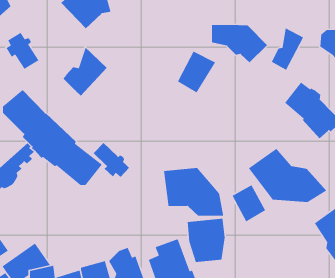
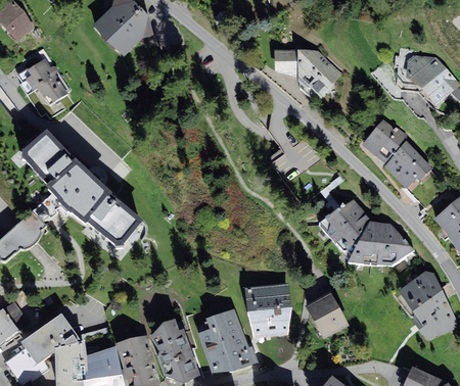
building: [271,27,304,71] -> none
building: [62,47,108,96] -> none
building: [177,50,216,93] -> none
building: [93,142,130,178] -> none
building: [163,167,224,217] -> none
building: [231,184,266,222] -> [306,293,348,339]

